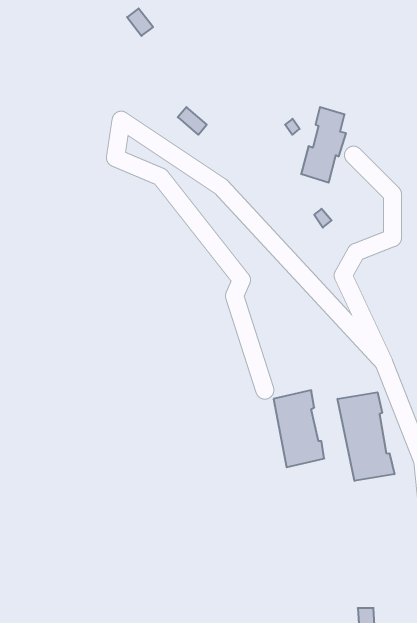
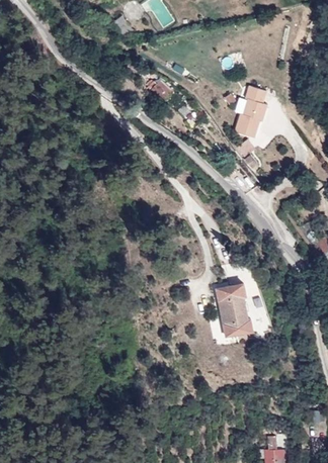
building: [338,392,394,481] -> none

